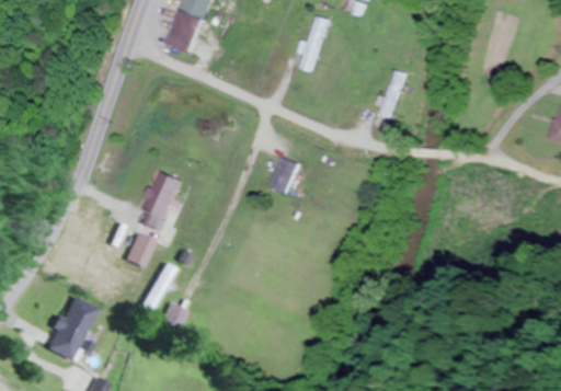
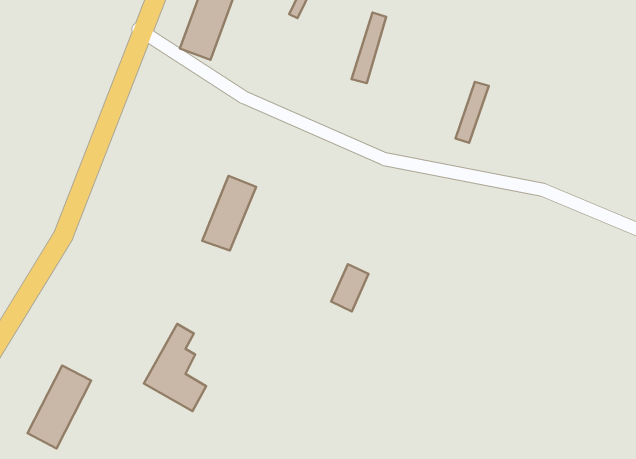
building: [271,157,300,194] -> [331,264,369,311]
building: [137,172,180,231] -> [202,176,256,250]
building: [125,233,153,268] -> none

